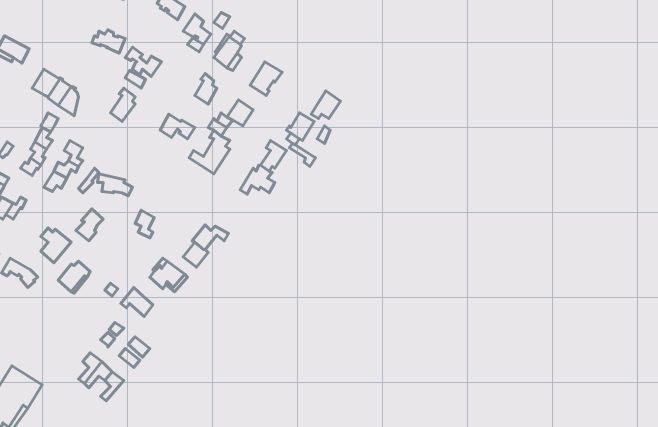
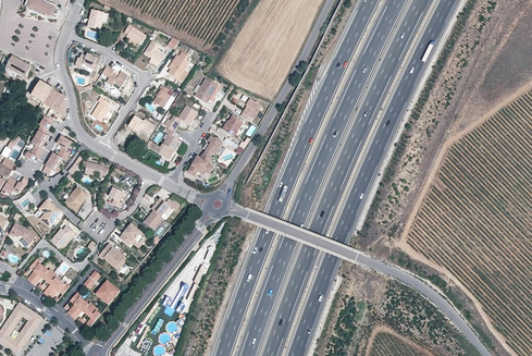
building: none -> [27,260,69,299]

